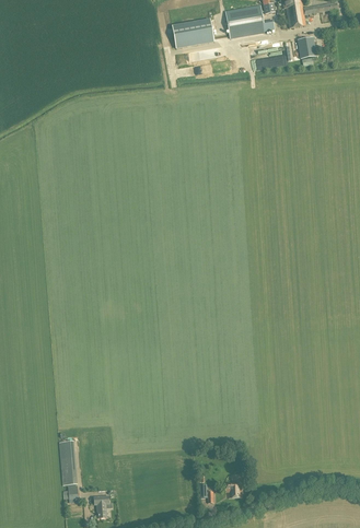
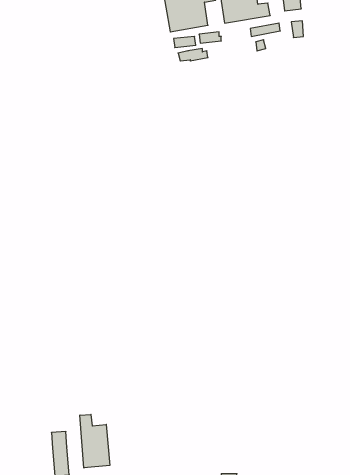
building: none -> [80,414,110,468]

